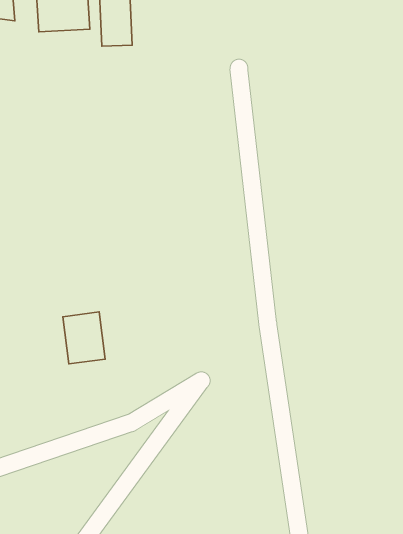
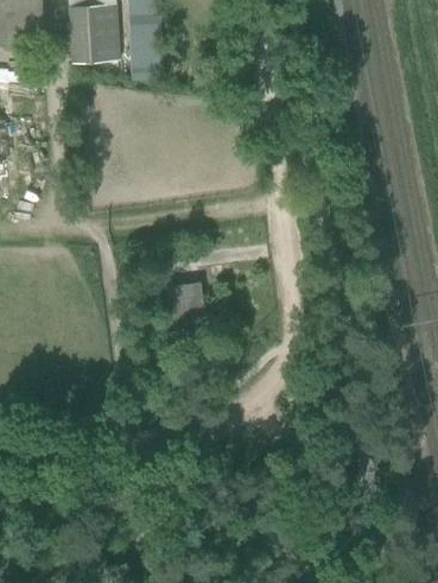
building: [63,312,105,364] -> [165,279,207,330]

